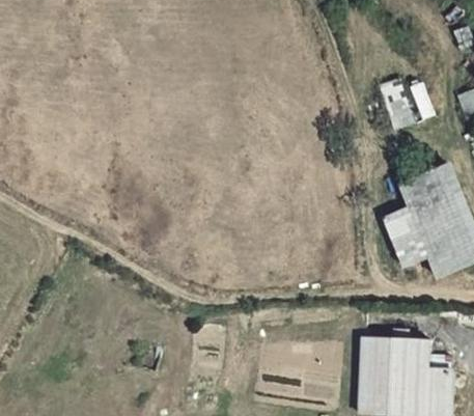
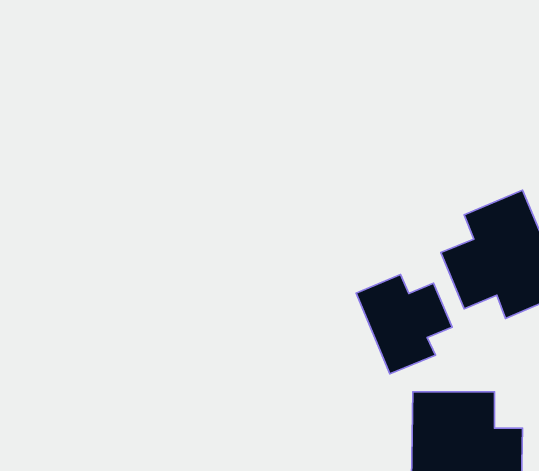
building: none -> [356,275,452,374]

